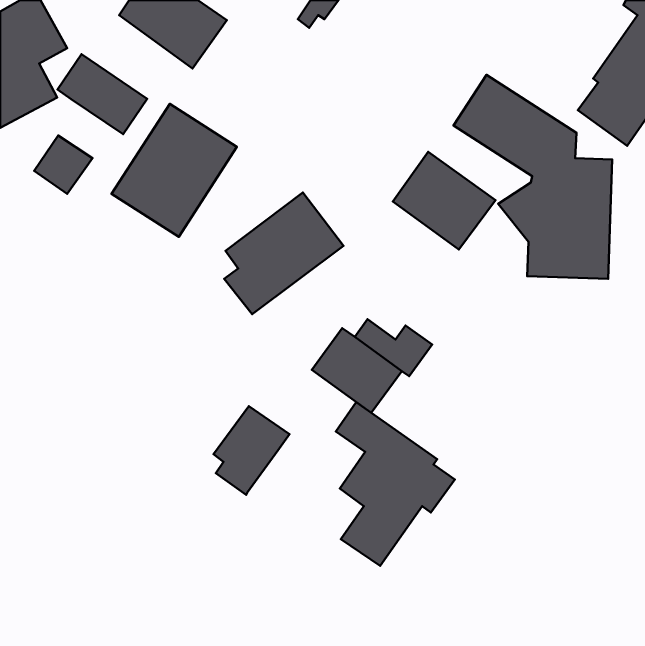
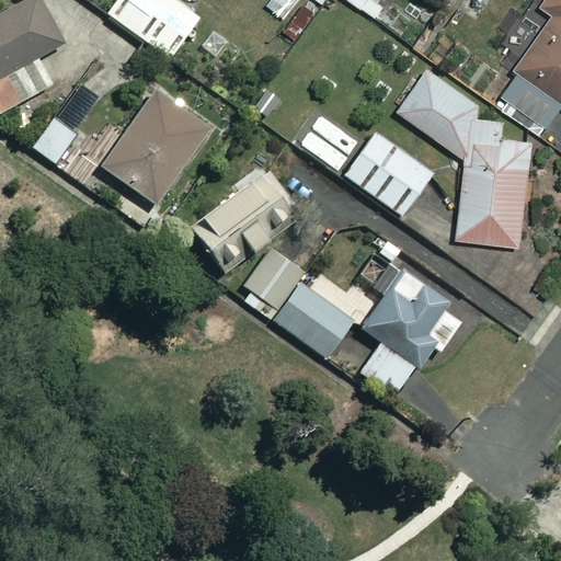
building: [58,54,147,134] -> none
building: [336,402,455,566] -> [355,255,458,397]
building: [213,406,289,495] -> [242,247,308,323]

